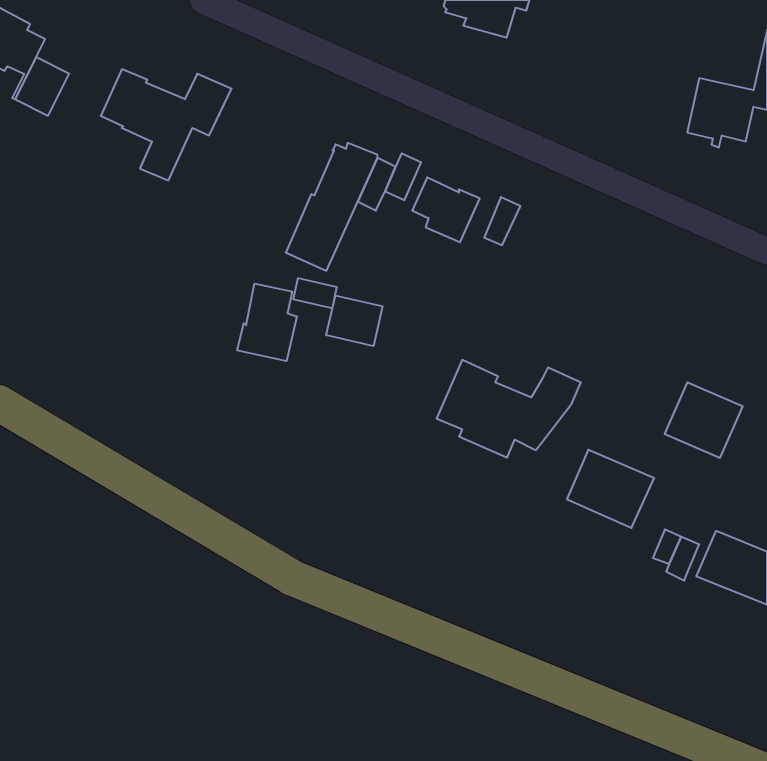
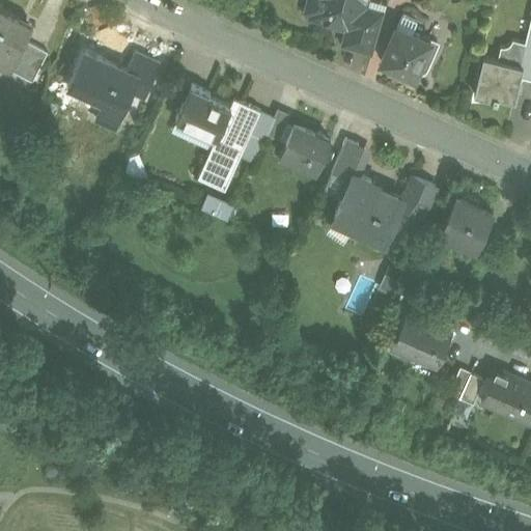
building: none -> [345,10,380,53]
building: none -> [382,31,438,78]
building: none -> [176,87,230,140]
building: [237,284,297,361] -> none
building: [326,295,383,346] -> none
building: [437,360,581,458] -> [336,175,436,243]
building: [665,383,743,458] -> [439,199,493,251]

